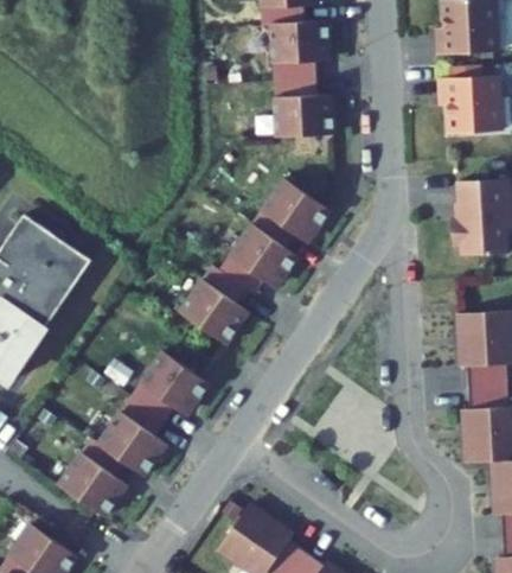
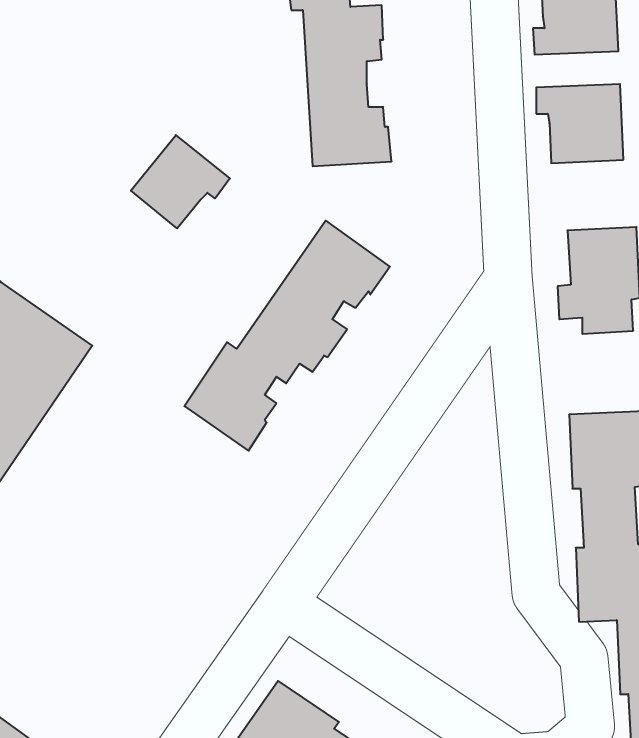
building: none -> [131,135,230,228]
building: [58,348,209,515] -> none

